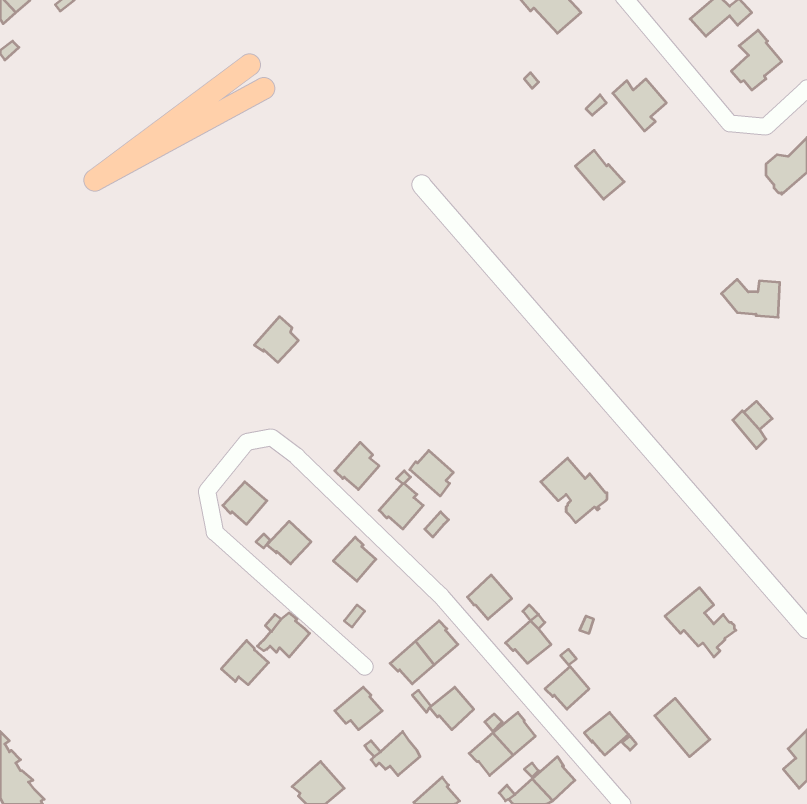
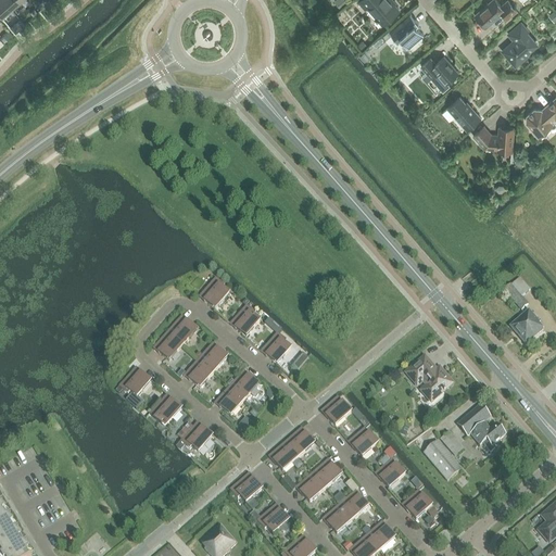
building: none -> [390,12,424,46]
building: [575,150,624,199] -> [447,94,481,128]
building: [721,279,780,317] -> [473,124,514,150]
building: [254,317,298,362] -> [199,277,229,308]
building: none -> [510,309,544,344]
building: [410,450,453,496] -> none
building: [541,458,607,523] -> [406,355,452,400]
building: none -> [168,315,198,344]
building: none -> [199,342,228,372]
building: none -> [116,366,151,396]
building: none -> [215,386,245,415]
building: [221,640,269,685] -> [150,393,182,424]
building: none -> [313,458,342,488]
building: [655,698,710,757] -> [424,440,462,480]

